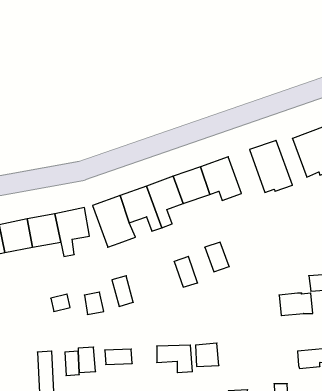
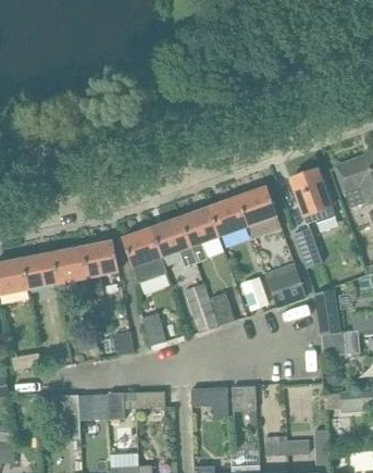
building: none -> [294,227,323,269]
building: none -> [266,269,306,307]
building: none -> [184,284,217,332]
building: none -> [314,288,340,334]

